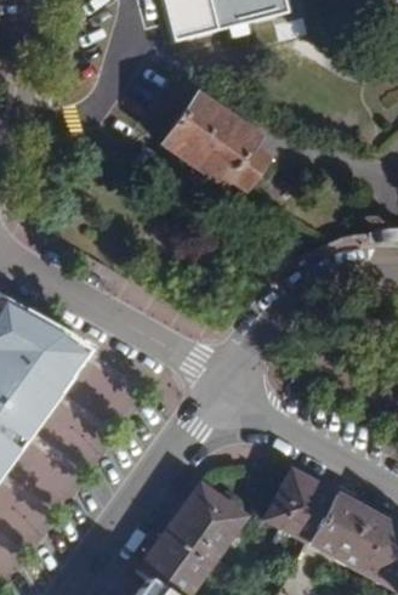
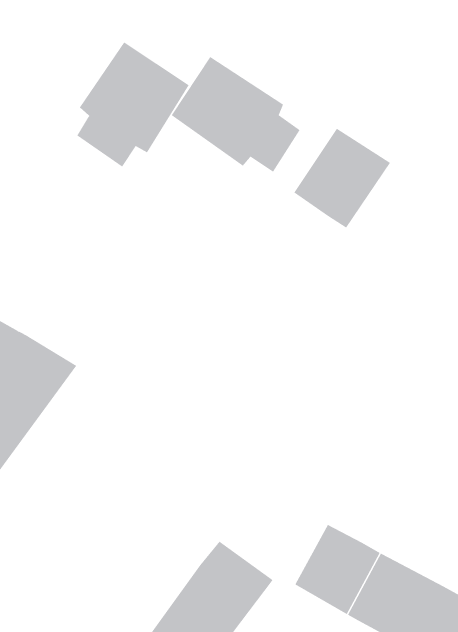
building: none -> [76,41,189,167]
building: none -> [293,128,391,228]

